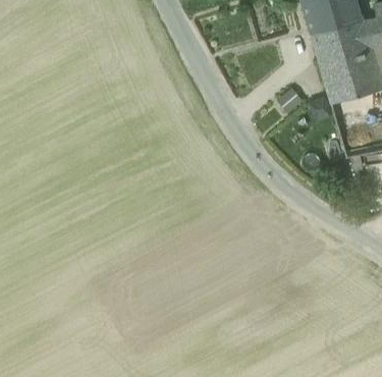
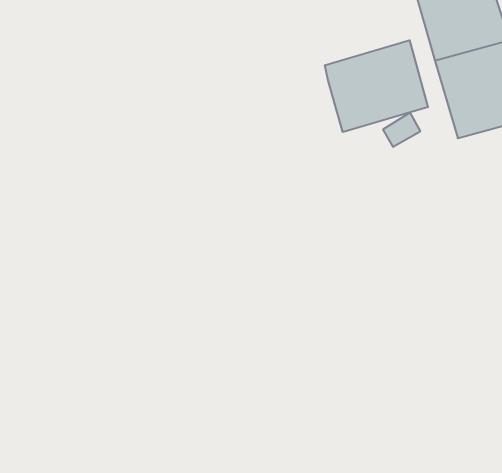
building: none -> [325,40,428,132]

